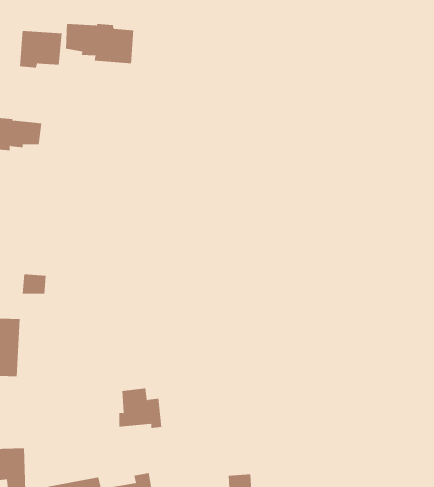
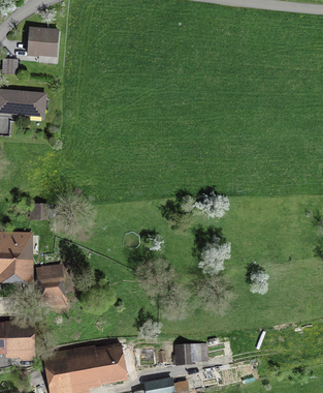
building: [66,23,134,64] -> none
building: [119,388,162,429] -> [39,266,70,295]

